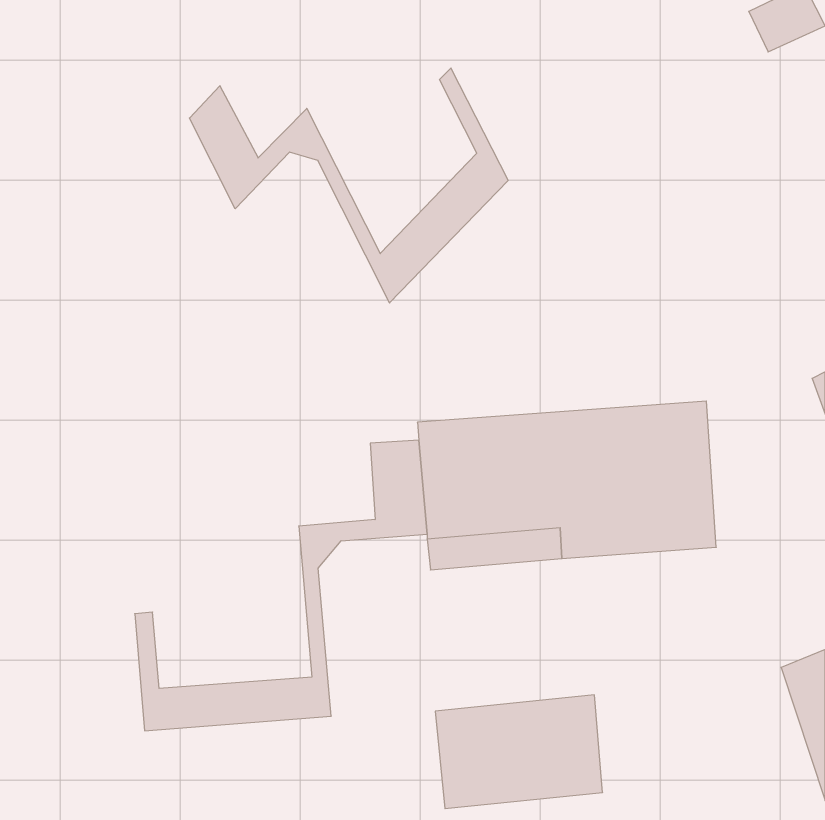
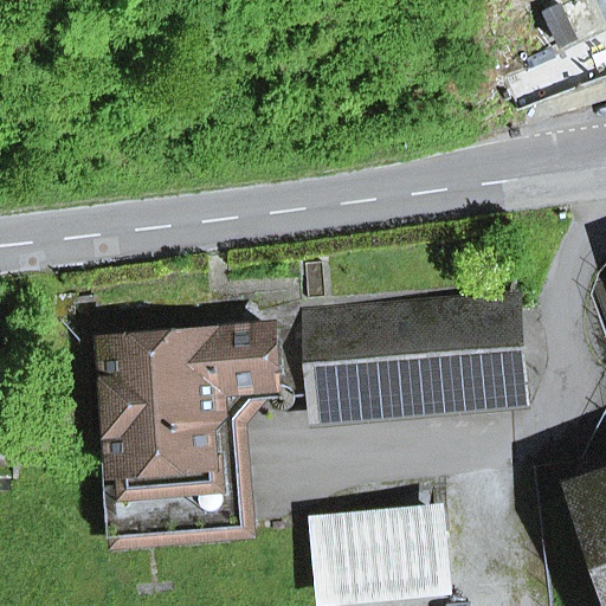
building: [189,68,508,303] -> none
building: none -> [103,323,273,502]

